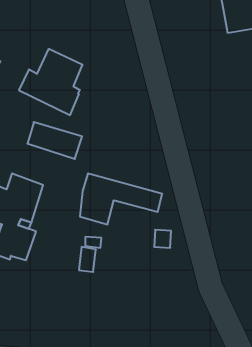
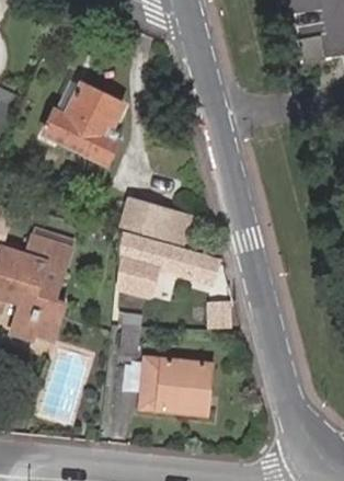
building: [27,122,82,159] -> [122,196,188,241]
building: none -> [140,355,210,411]

